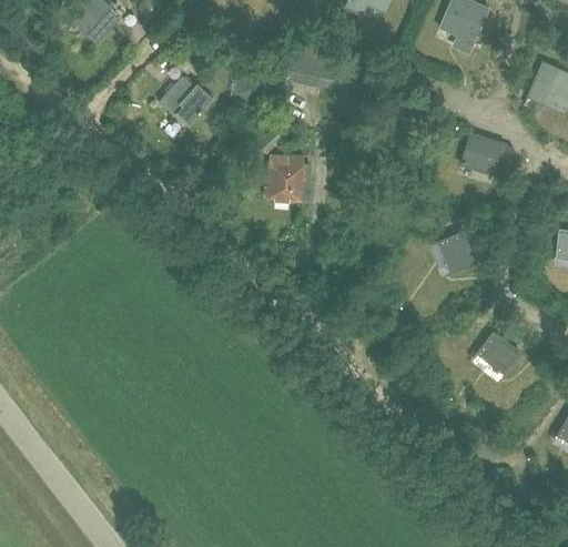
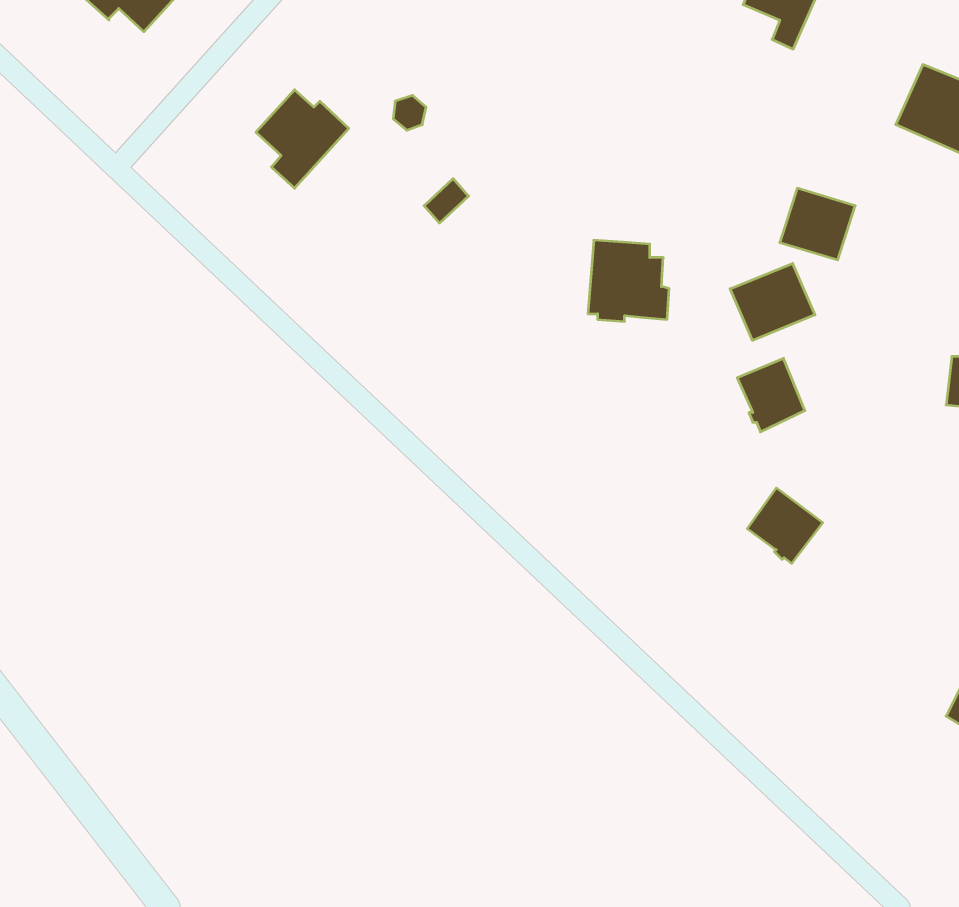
building: [267,155,314,202] -> [588,240,669,321]
building: none -> [730,263,815,340]
building: [476,332,519,375] -> [747,488,823,563]

